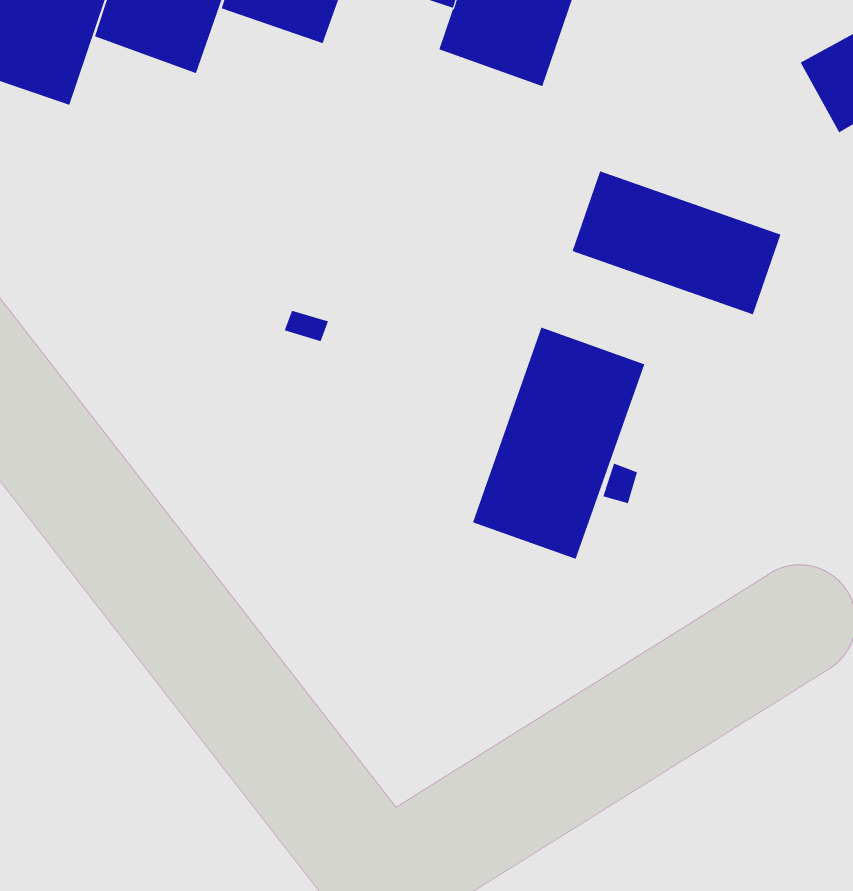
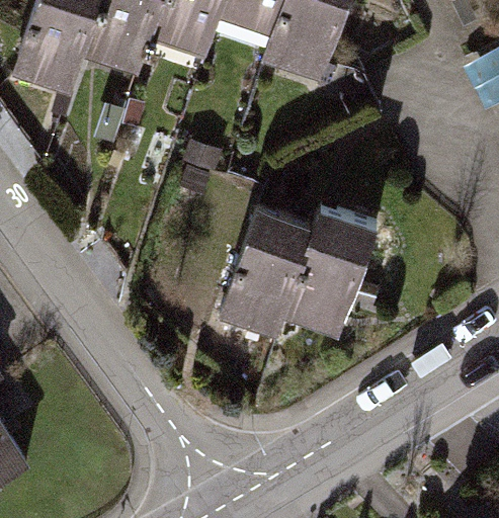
building: [572,170,781,315] -> none
building: none -> [221,209,315,335]

